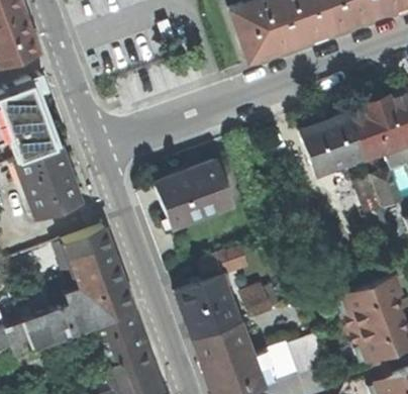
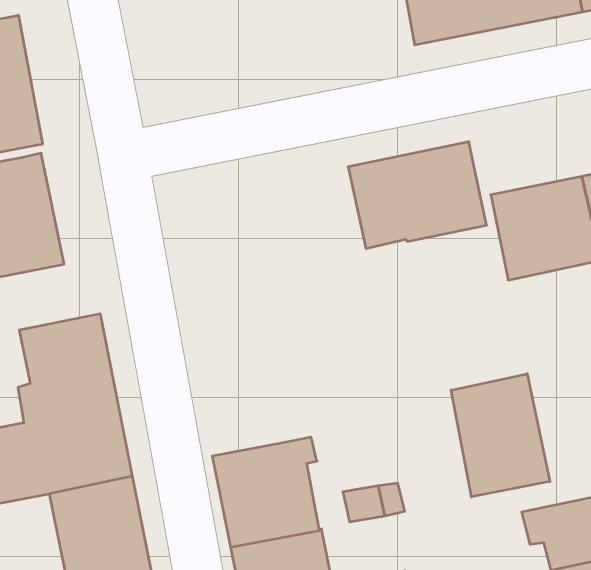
building: [156,163,233,227] -> [348,142,487,248]
building: none -> [451,374,550,497]
building: [203,248,248,281] -> none

